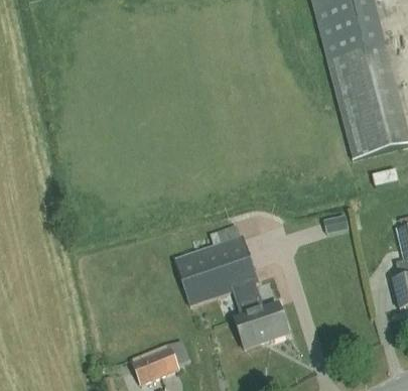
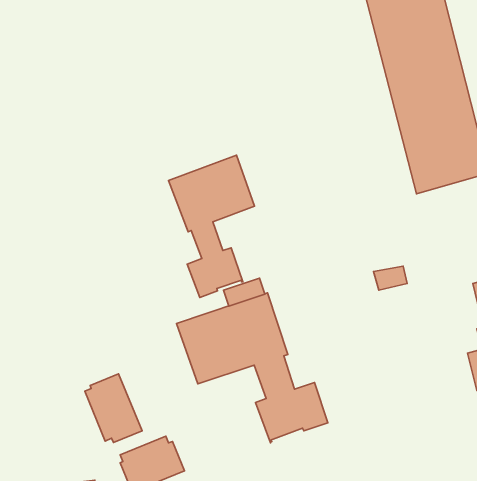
building: none -> [169,155,255,298]
building: none -> [85,374,142,442]

